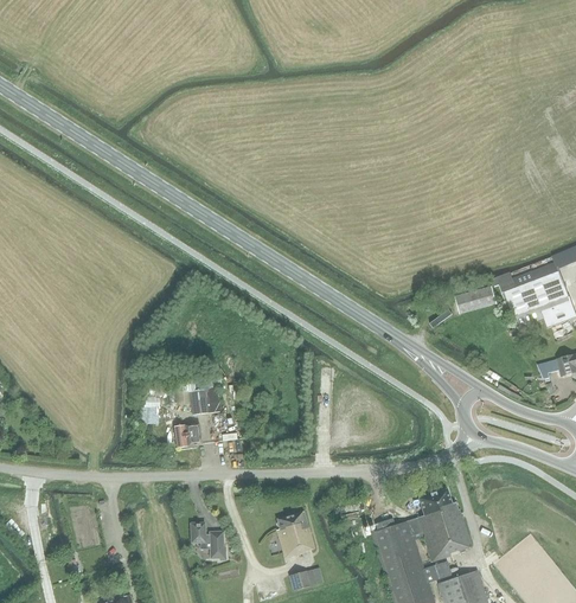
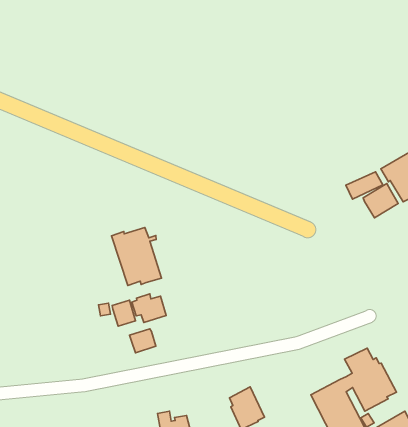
building: none -> [363,184,398,218]
building: none -> [111,228,162,286]
building: none -> [112,300,135,326]

